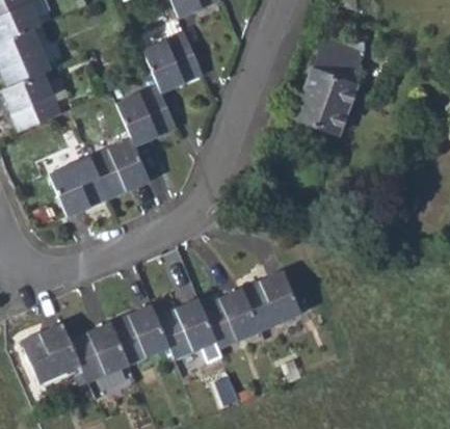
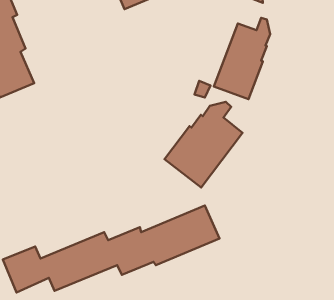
building: [48,32,202,216] -> none
building: none -> [164,102,243,188]

